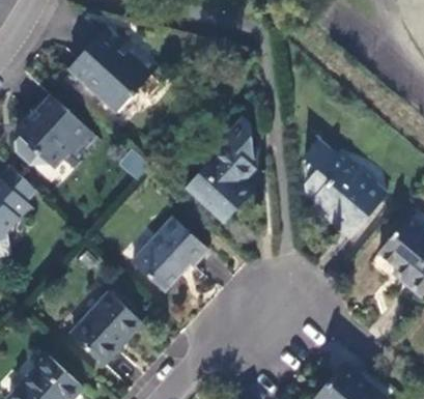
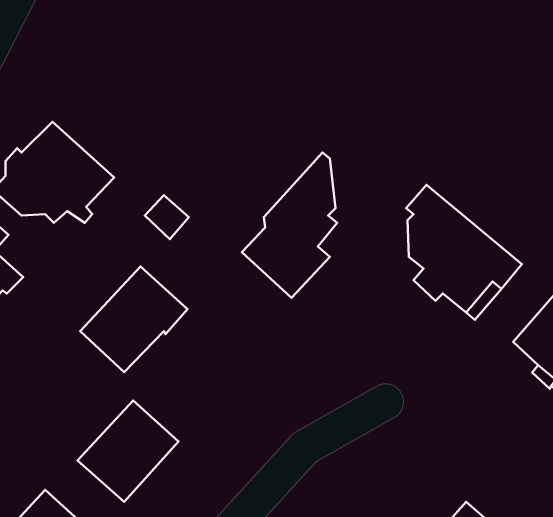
building: [70,29,152,113] -> none
building: [132,217,207,291] -> [80,267,187,372]

